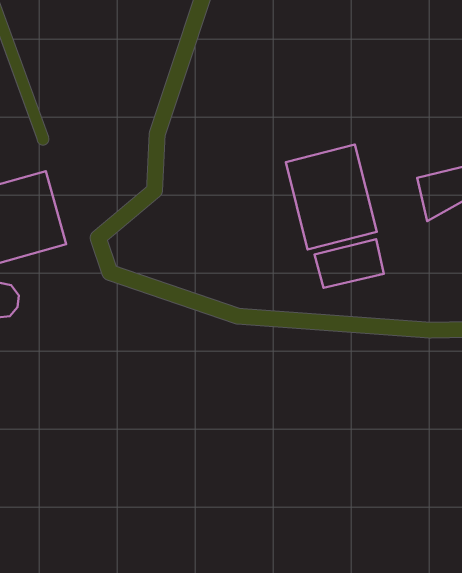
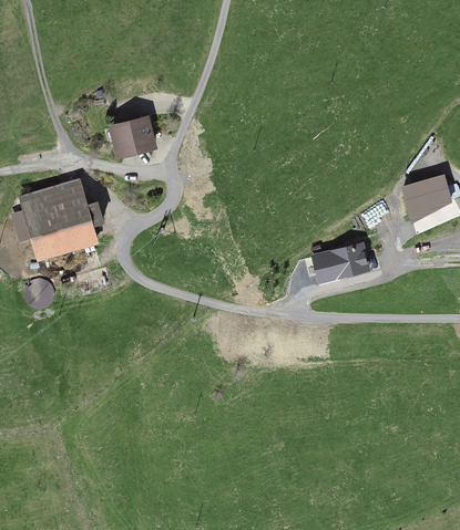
building: none -> [108,116,157,159]
building: [286,145,377,249] -> none

